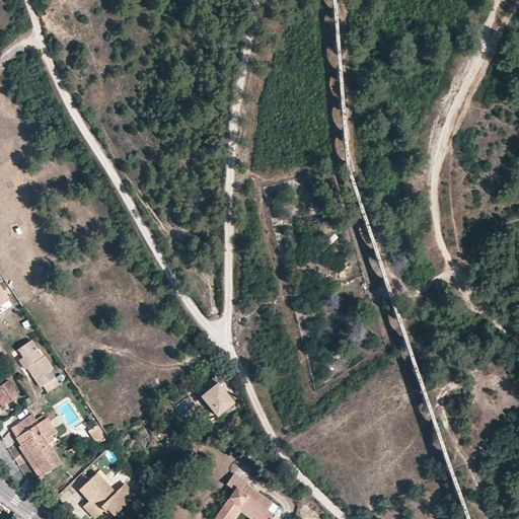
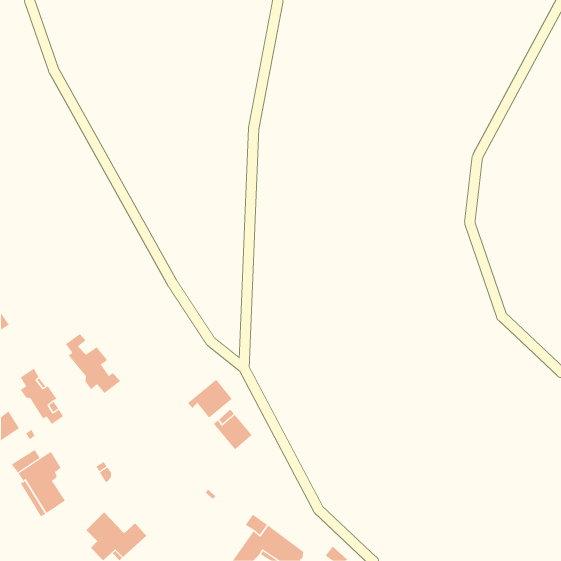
building: none -> [65,333,121,394]
building: none -> [187,379,232,418]

